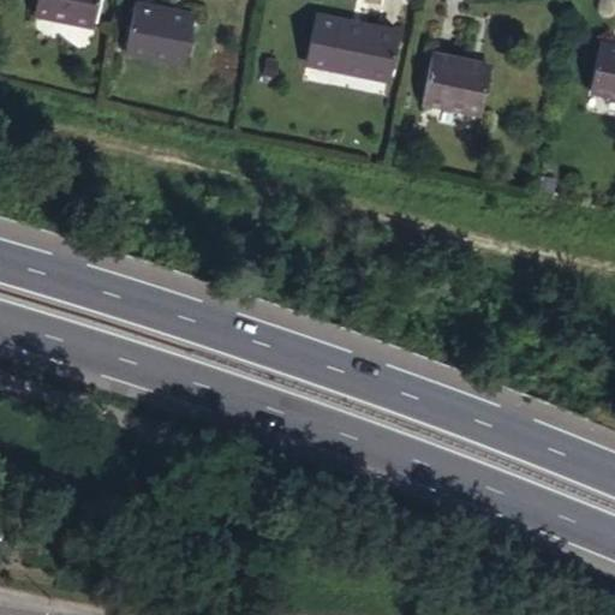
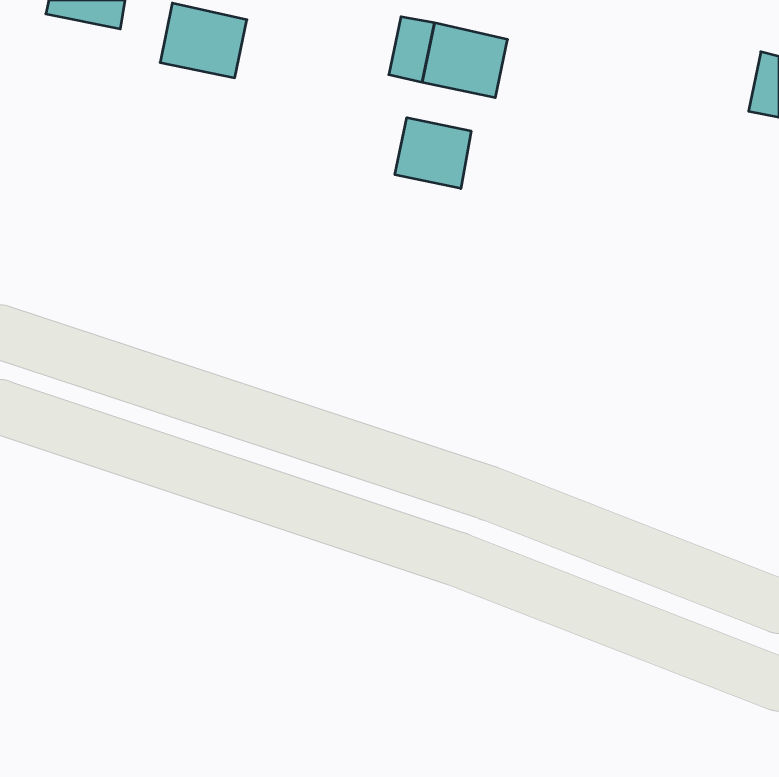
building: [424,55,491,112] -> none
building: none -> [395,118,471,189]

